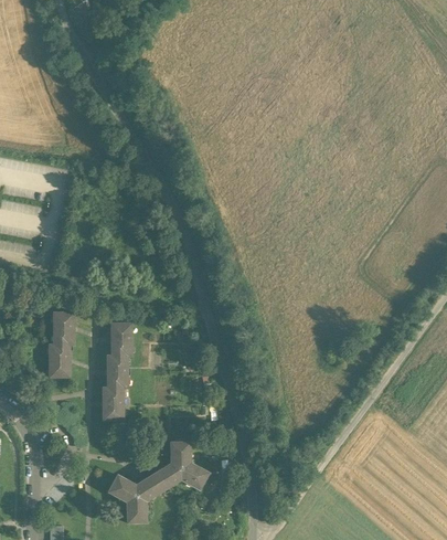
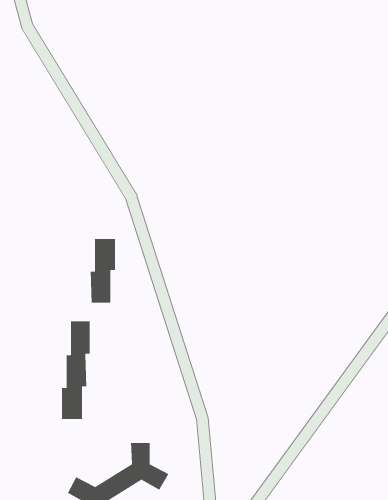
building: [49,313,74,377] -> [90,238,116,304]

